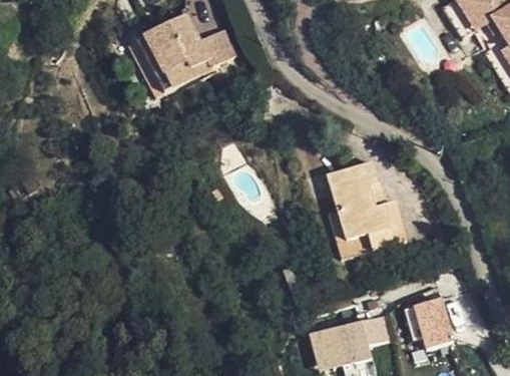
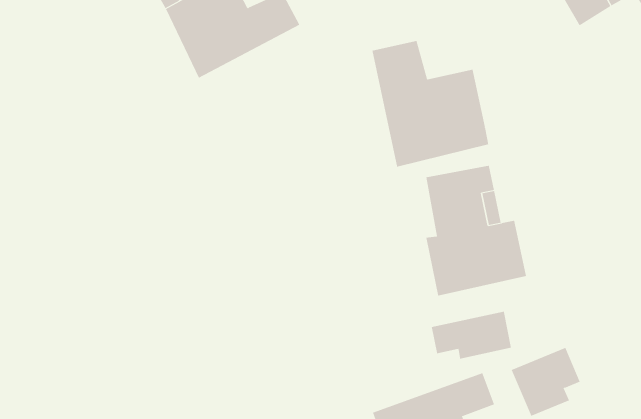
building: none -> [372,40,489,167]
building: none -> [431,311,511,359]

